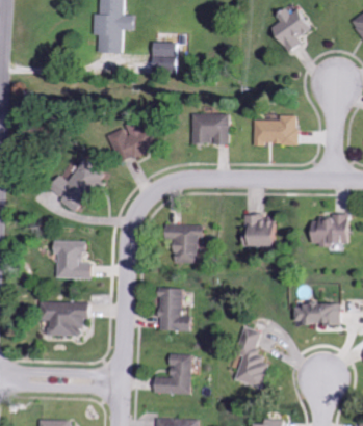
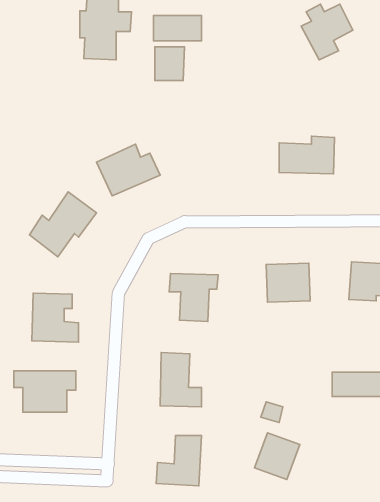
building: none -> [154,15,202,41]
building: [191,113,229,143] -> none

